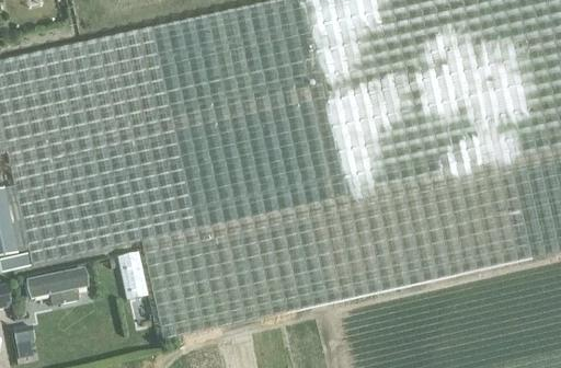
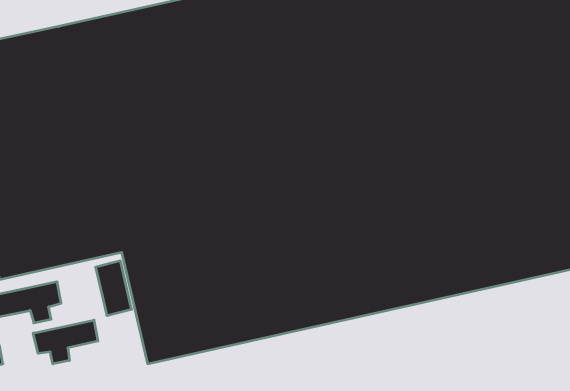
building: none -> [33,320,98,364]

